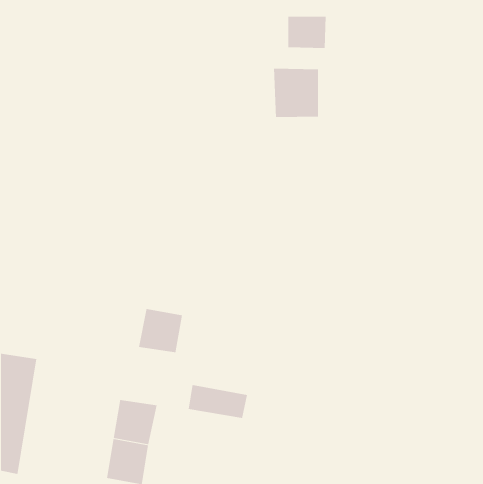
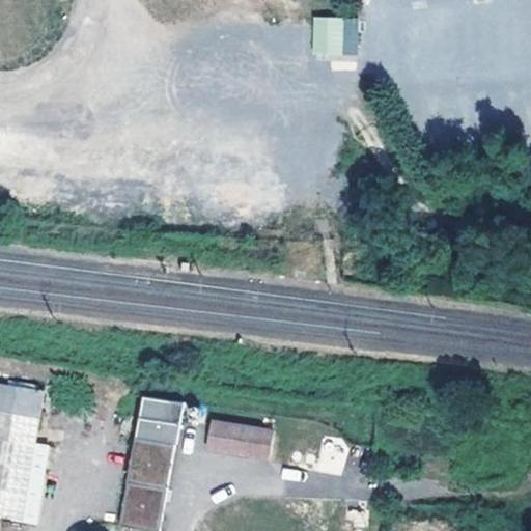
building: [274,68,319,118] -> none
building: [138,308,183,353] -> [133,395,181,444]

